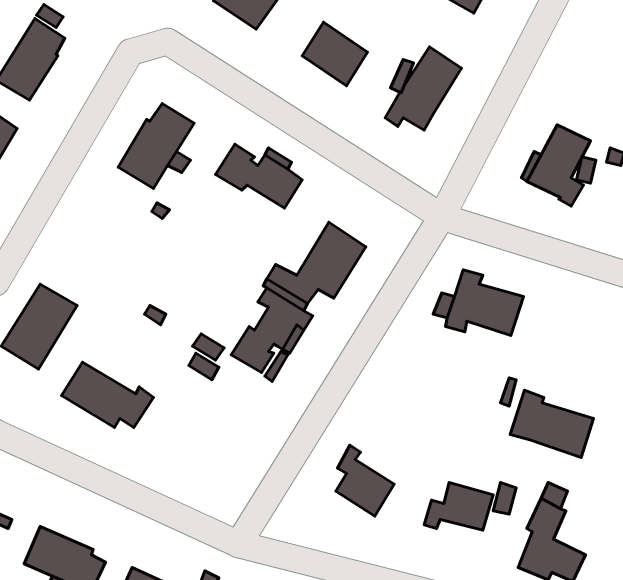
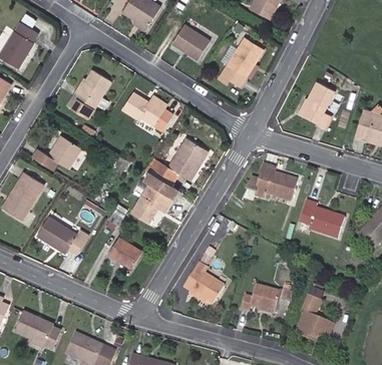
building: none -> [34,134,81,169]
building: [510,390,593,458] -> [297,200,344,238]
building: none -> [108,237,141,267]

